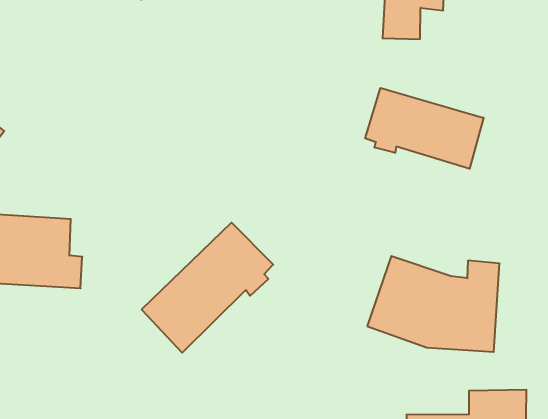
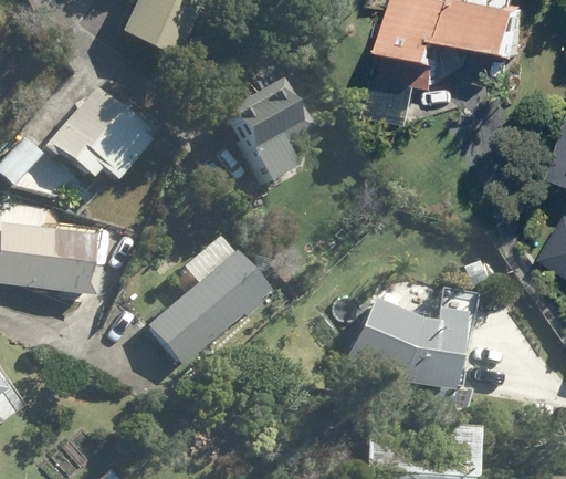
building: none -> [227,76,314,184]
building: none -> [45,86,153,183]
building: [365,88,484,169] -> none

